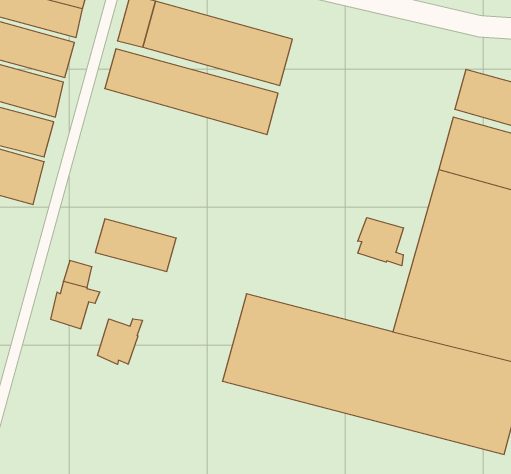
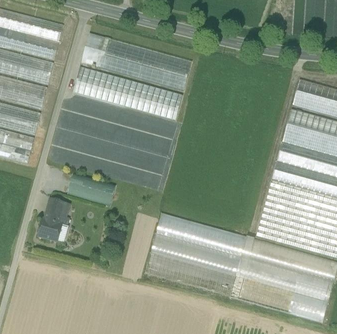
building: [358,218,403,266] -> none
building: [97,319,142,364] -> none

